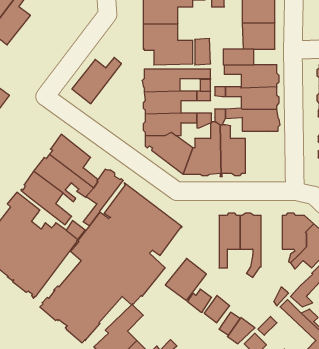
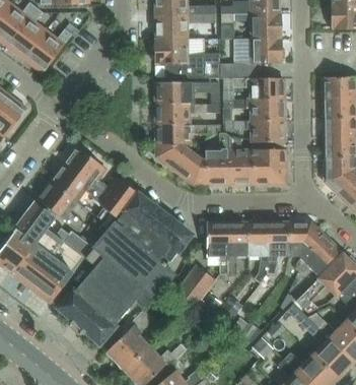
building: [72,57,121,104] -> [24,28,72,73]
building: none -> [254,149,288,186]
building: none -> [269,221,289,273]
building: none -> [207,222,228,274]

